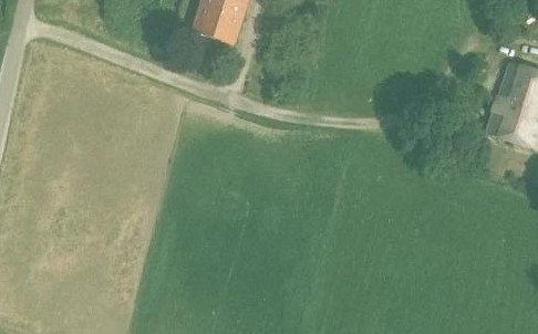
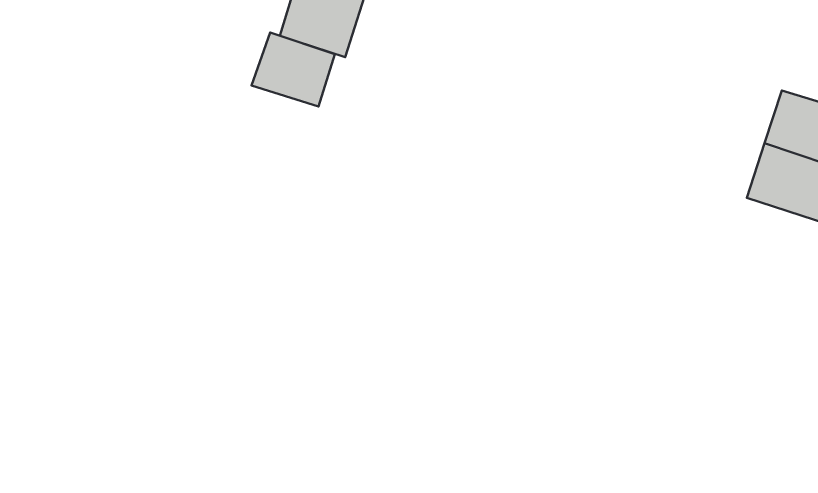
building: none -> [252,33,335,107]

